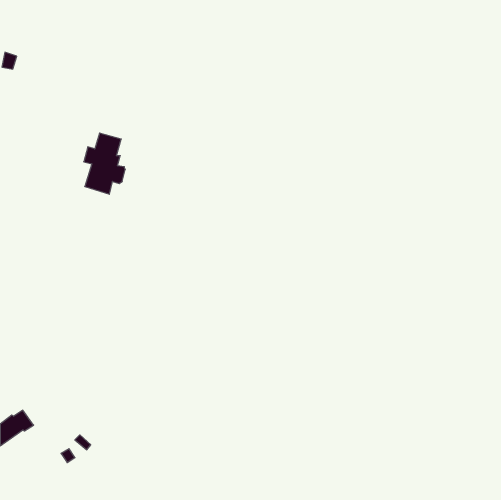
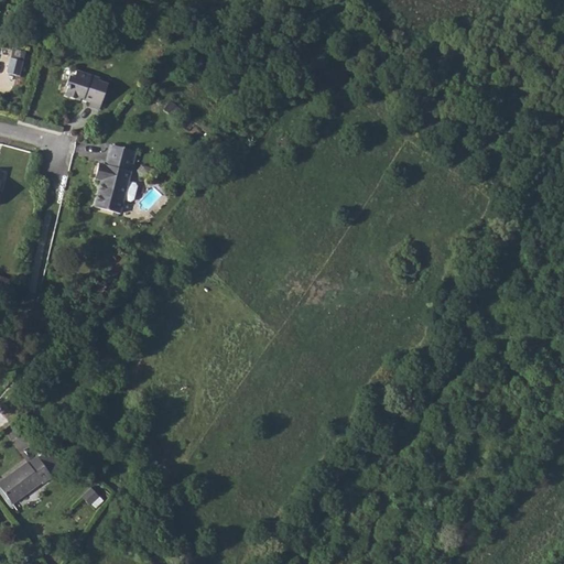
building: none -> [63,67,105,108]

